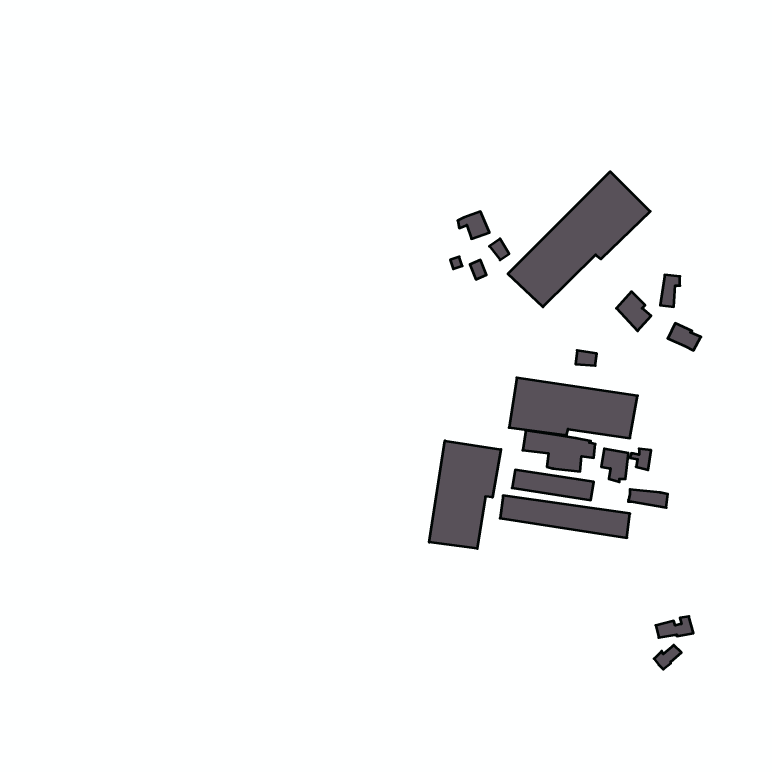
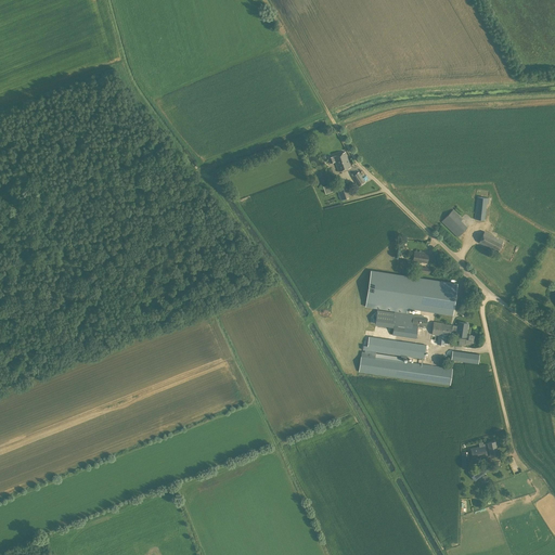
building: [508,172,650,307] -> none
building: [429,441,501,549] -> none

